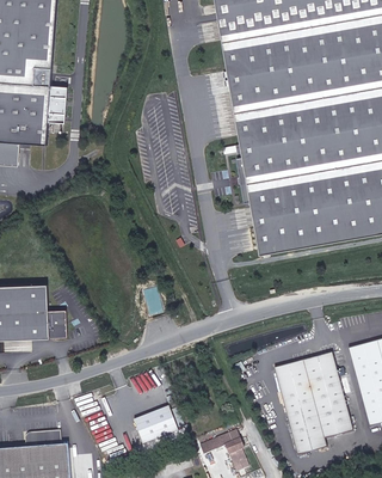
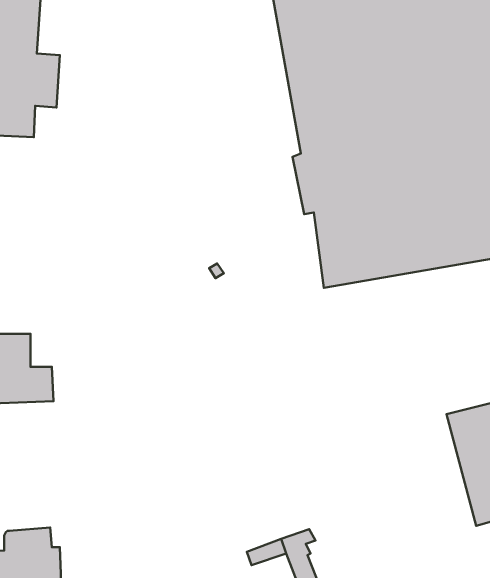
building: [278,356,355,458] -> none
building: [135,407,178,443] -> none

